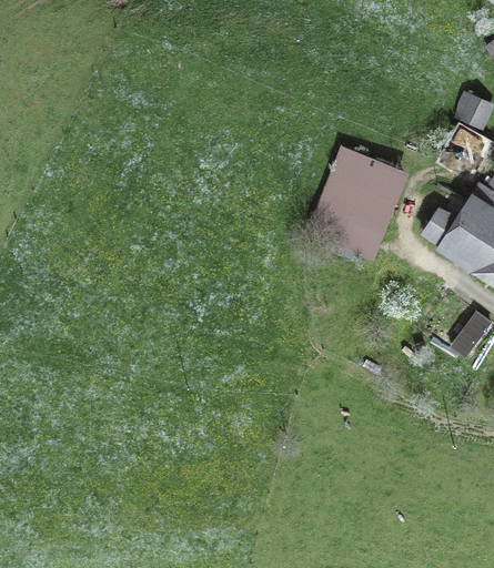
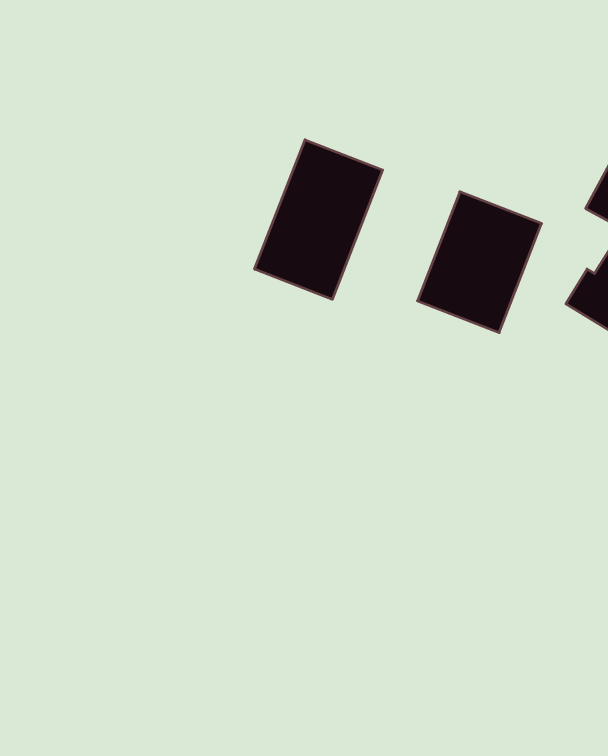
building: none -> [255,140,383,299]

